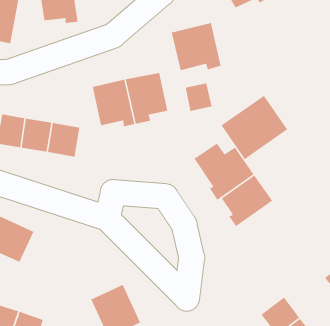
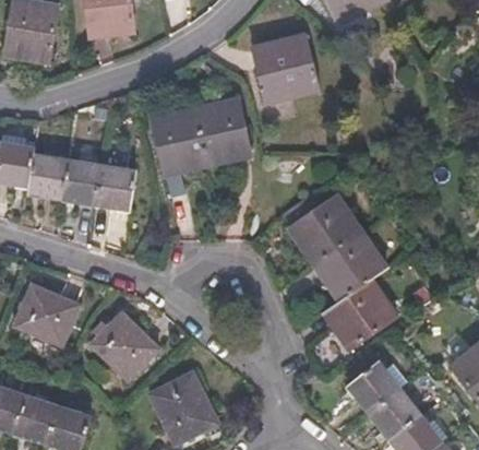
building: [185,82,213,112] -> none
building: [220,95,288,160] -> none
building: none -> [325,280,397,352]
building: none -> [89,312,157,379]
building: none -> [348,362,409,412]

